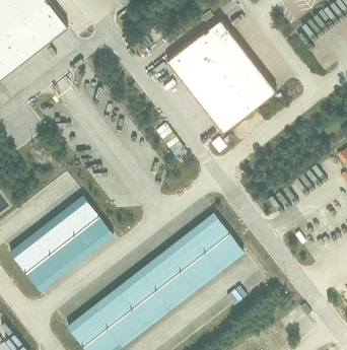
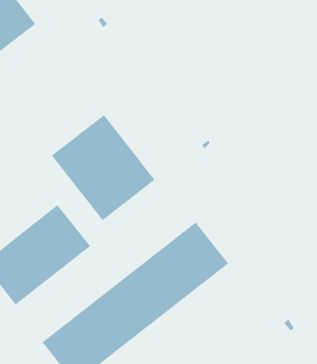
building: [164,18,274,132] -> none
building: none -> [51,114,156,221]

